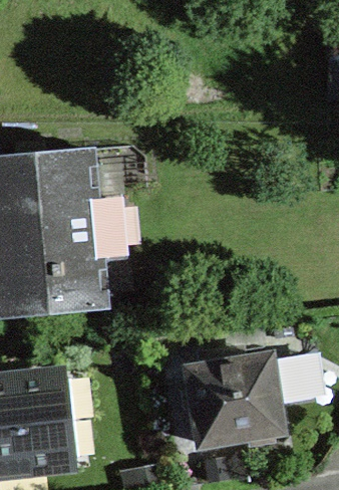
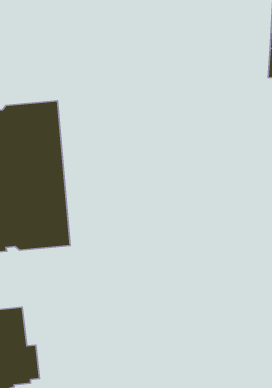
building: [191,353,312,442] -> none

